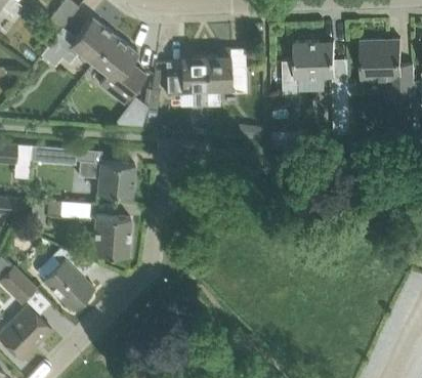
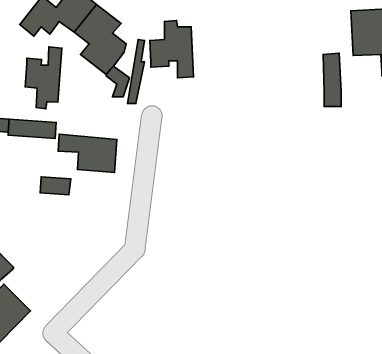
building: [283,42,335,95] -> none
building: [206,50,246,106] -> none
building: none -> [25,47,62,109]
building: [93,216,130,256] -> none
building: [37,248,97,309] -> none

